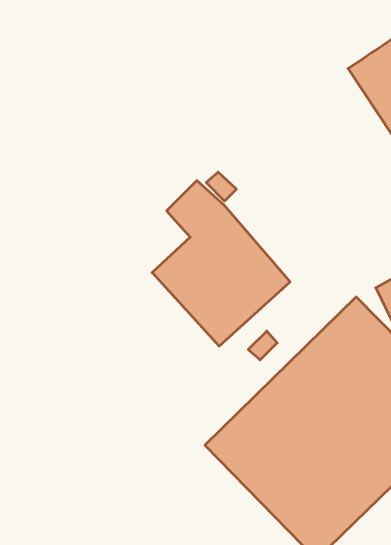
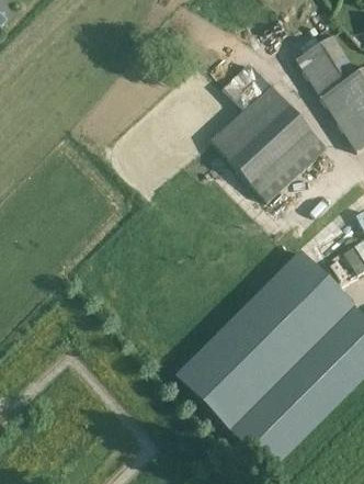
building: [152,181,290,346] -> [211,65,326,203]

